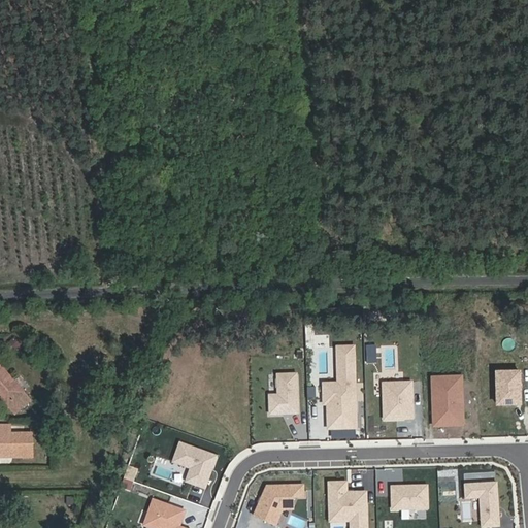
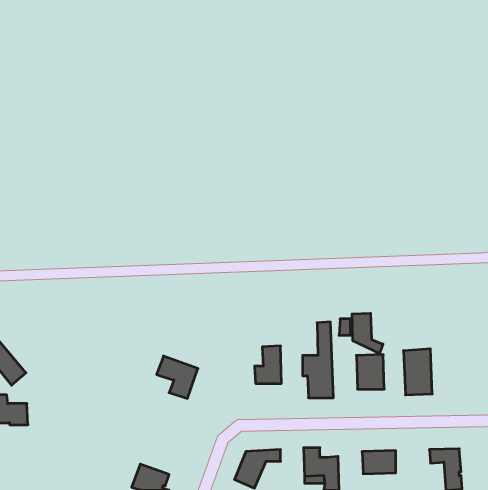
building: none -> [352,313,383,354]
building: [494,371,519,404] -> none
building: [170,440,214,486] -> [157,356,198,398]

